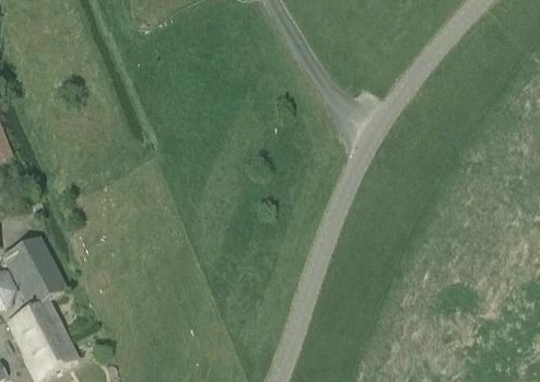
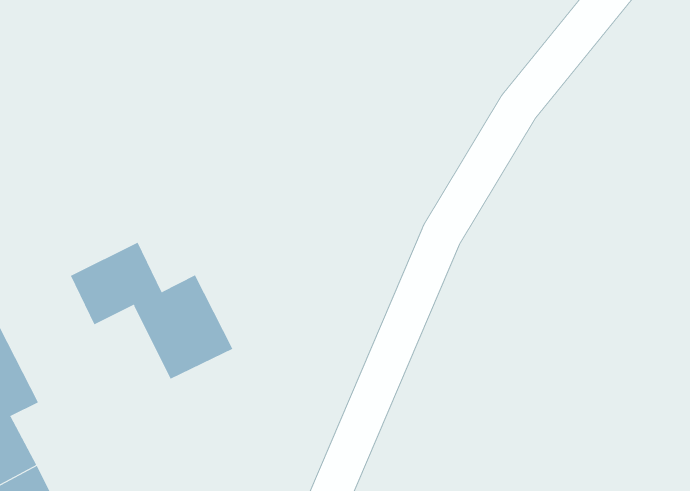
building: none -> [70,242,233,379]

